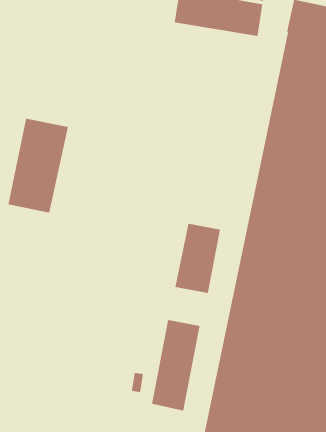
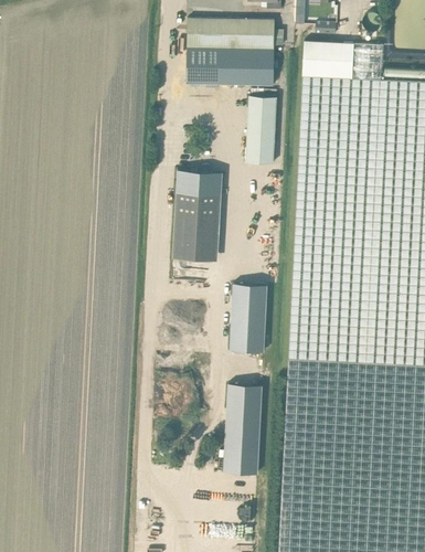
building: none -> [249,94,278,161]
building: [8,118,69,213] -> [173,170,223,263]

